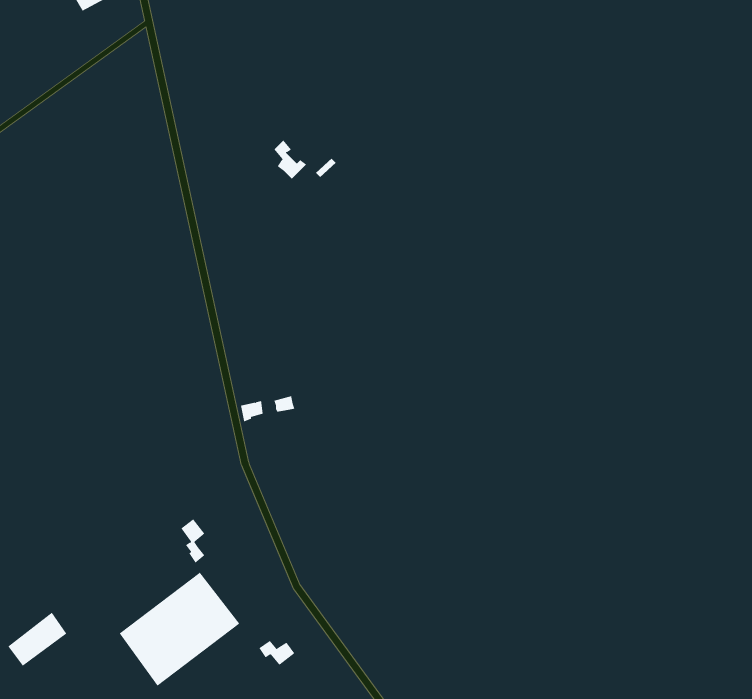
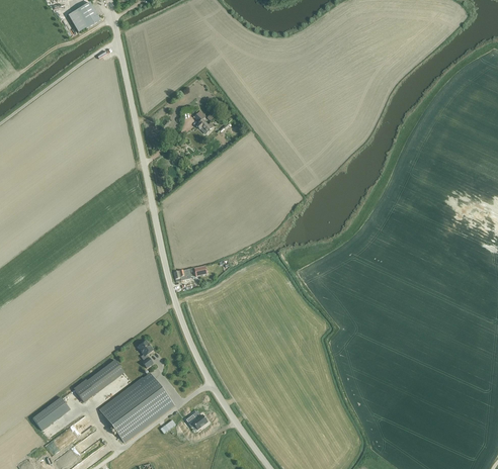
building: none -> [74,360,123,402]

